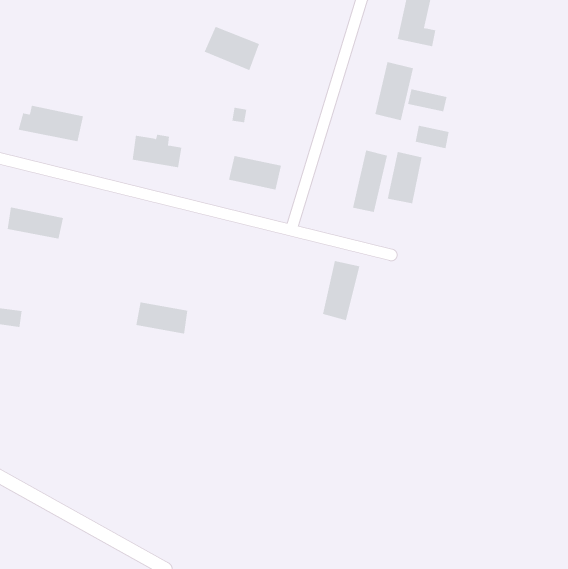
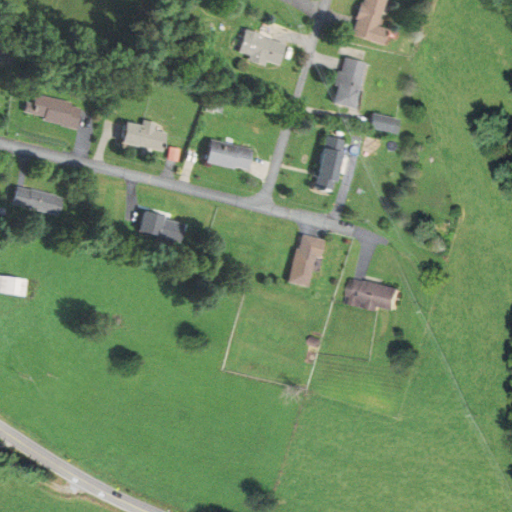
building: [204,26,260,71] -> [240,28,290,68]
building: [407,89,447,112] -> none
building: [387,151,422,204] -> none
building: [135,302,188,334] -> [134,211,181,240]
building: none -> [347,277,402,311]

